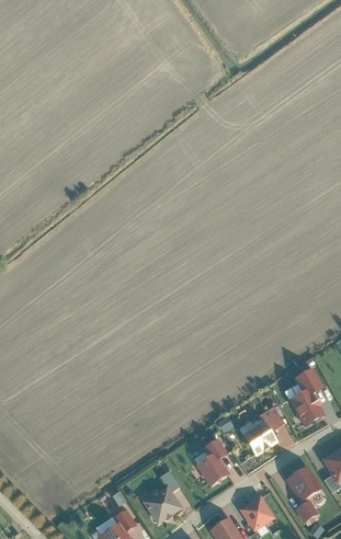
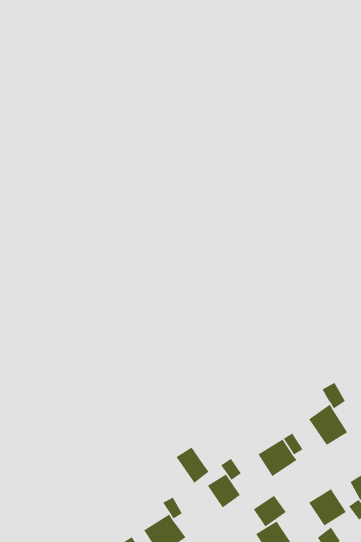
building: none -> [176,447,210,484]
building: none -> [253,495,287,527]

